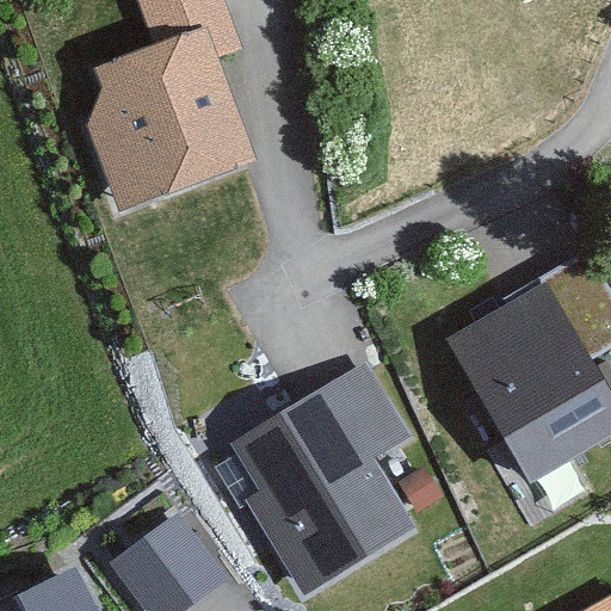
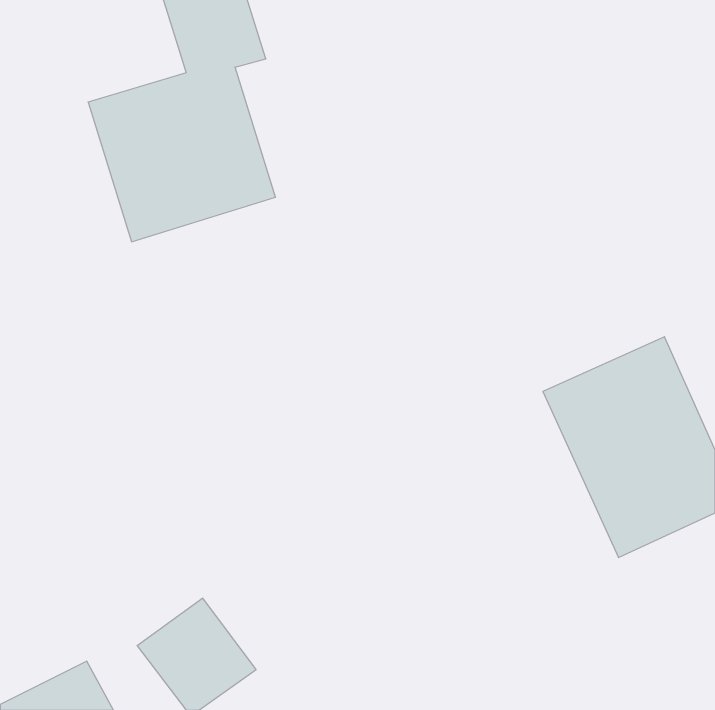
building: [235,378,406,593] -> none

